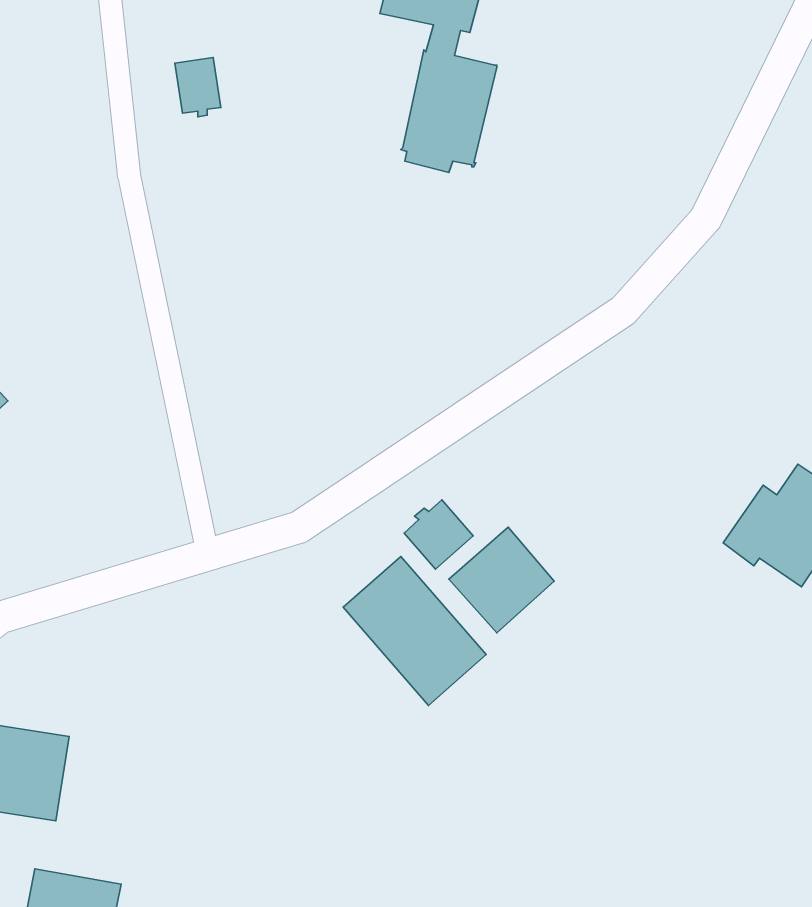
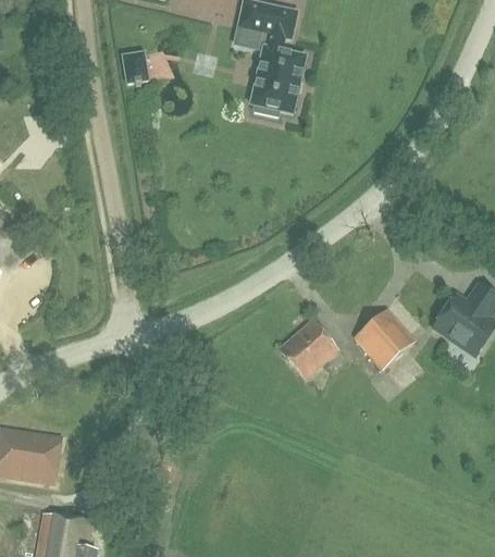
building: none -> [351,297,418,362]
building: [404,500,473,569] -> none
building: [343,557,486,705] -> none

